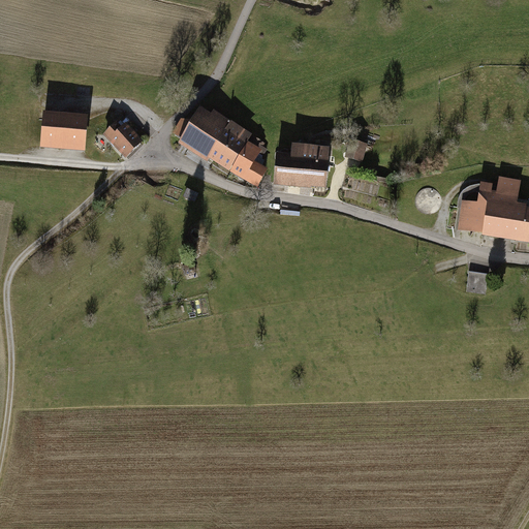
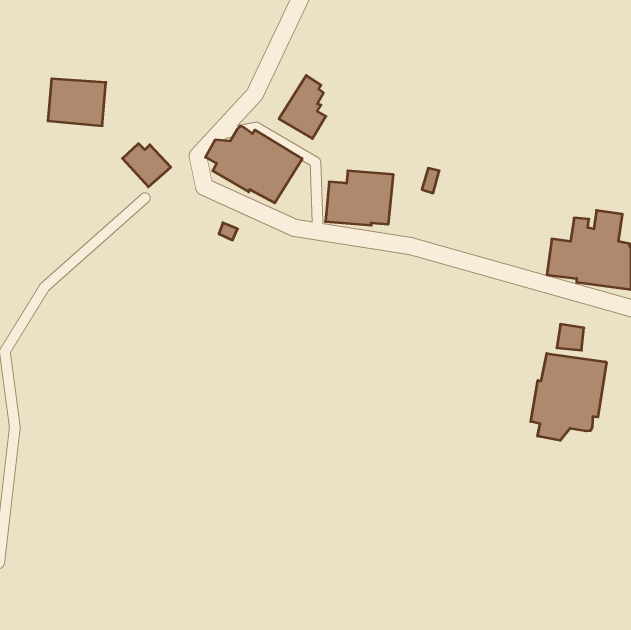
building: [39,111,88,150] -> [48,79,106,126]
building: [229,133,269,186] -> [279,75,326,139]
building: none -> [531,353,607,440]

